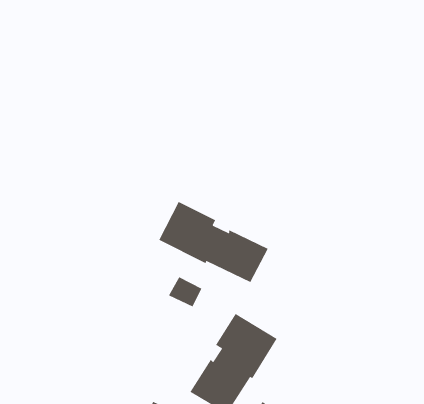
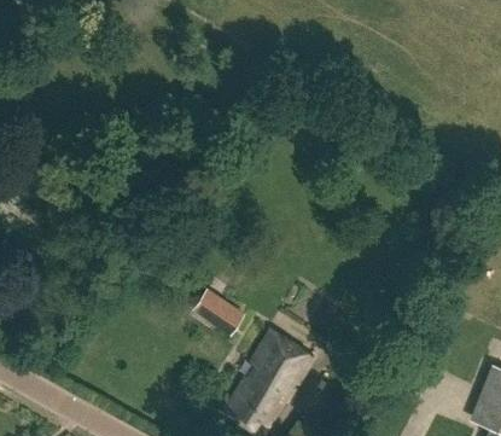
building: [159,201,268,283] -> none

